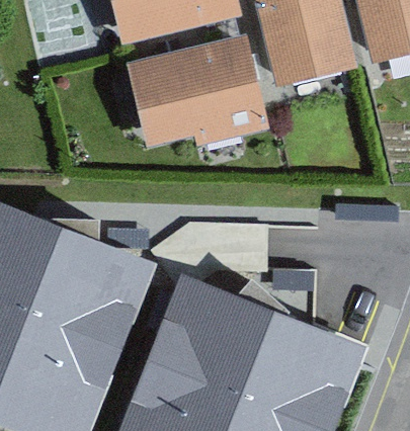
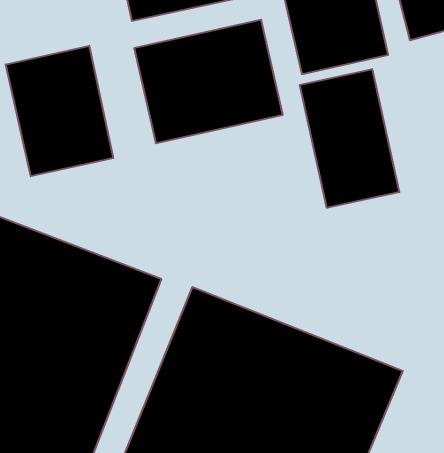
building: none -> [6,46,113,176]
building: none -> [300,69,399,208]

